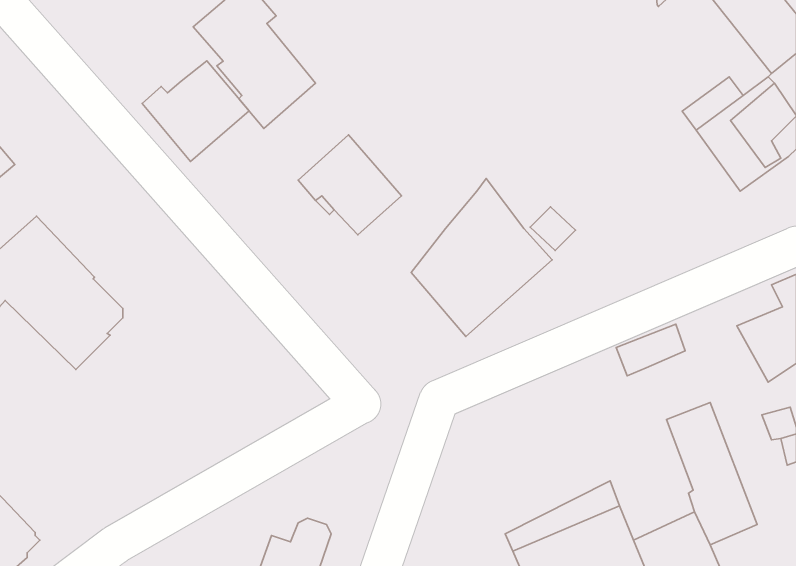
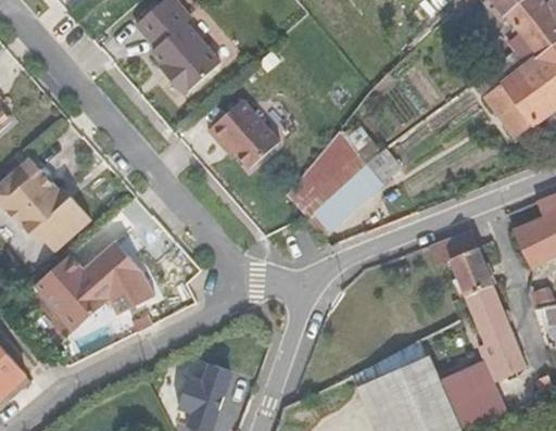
building: [142,61,249,162] -> none
building: none -> [34,240,155,329]
building: none -> [450,248,494,296]

